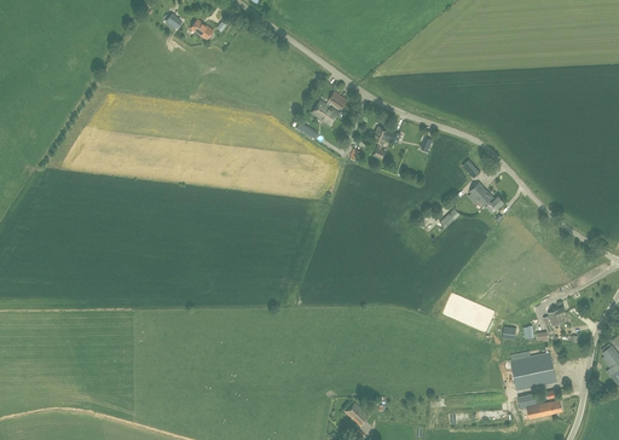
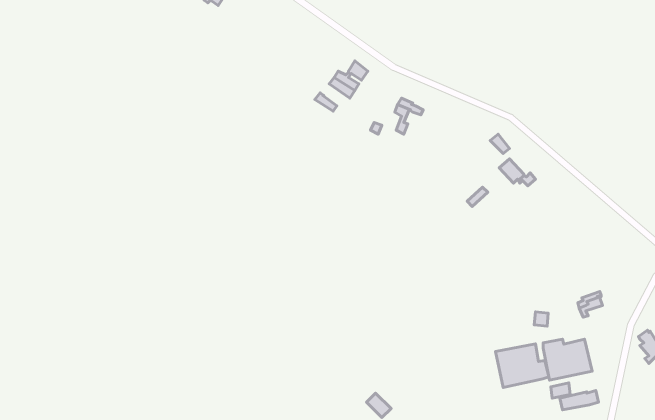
building: none -> [495,344,549,388]

